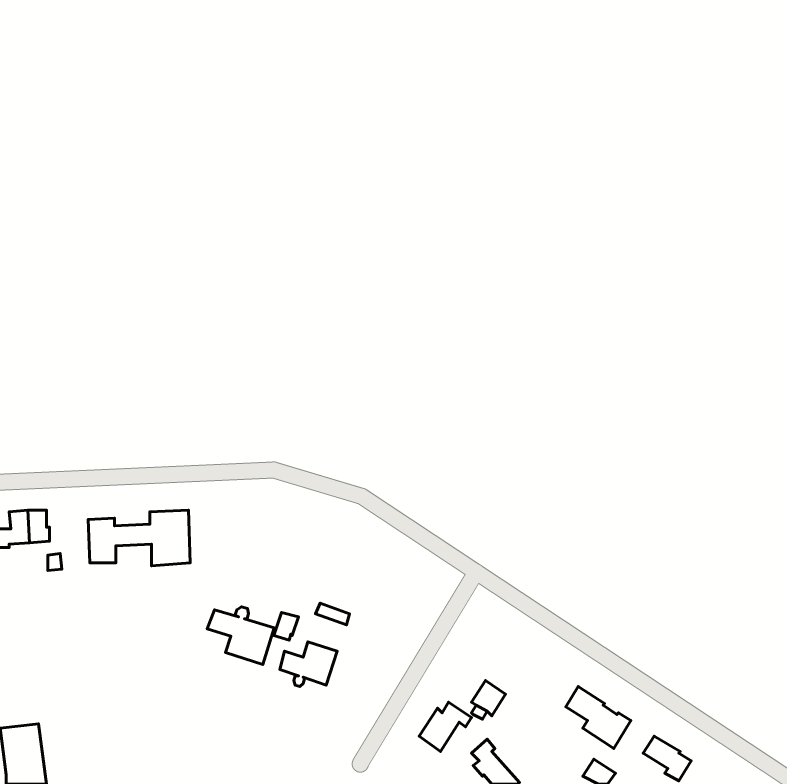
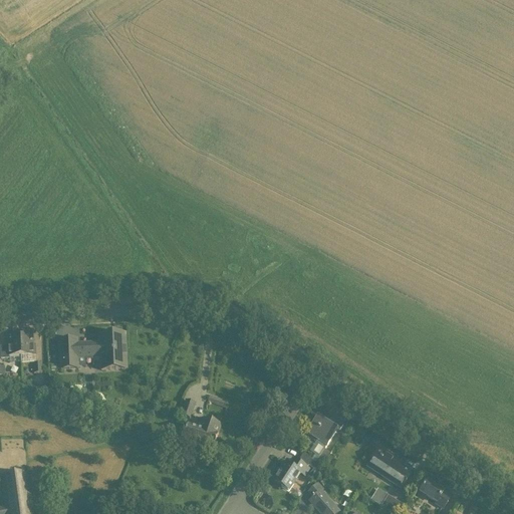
building: [207,607,274,664] -> none
building: none -> [305,412,341,440]

